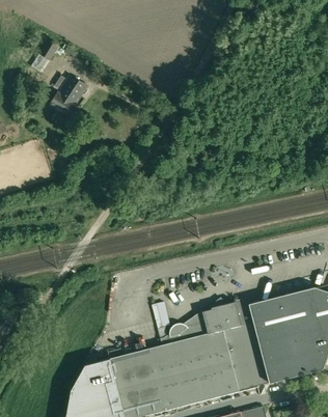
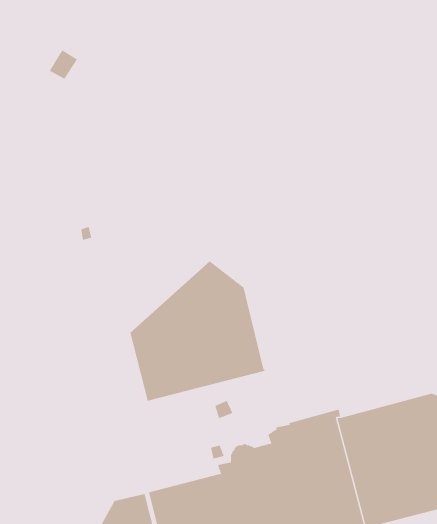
building: [49,75,87,118] -> none
building: none -> [130,261,266,401]

